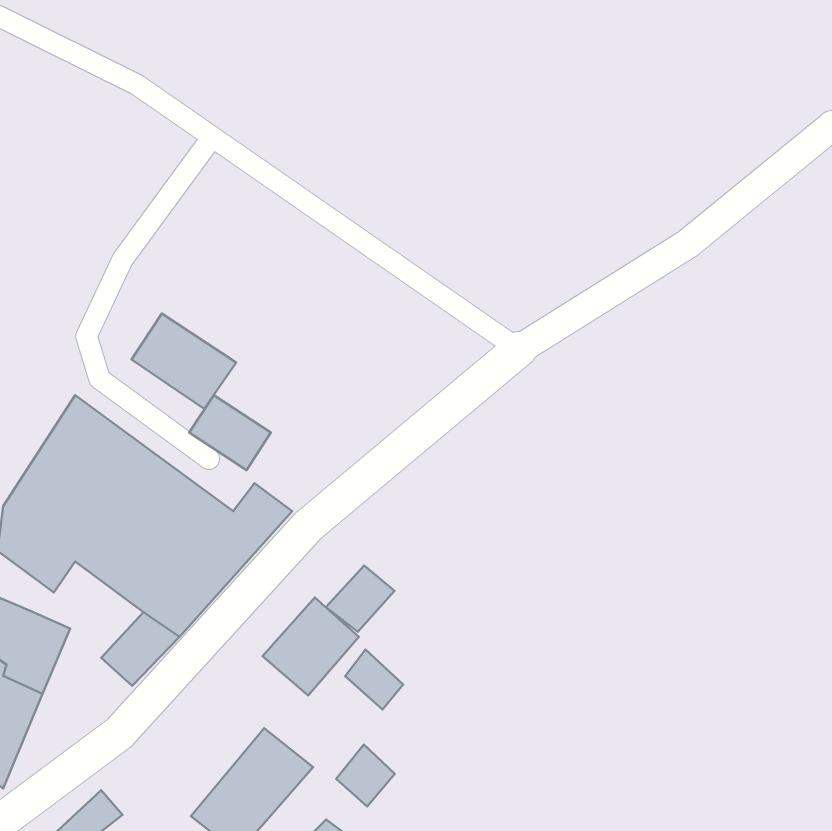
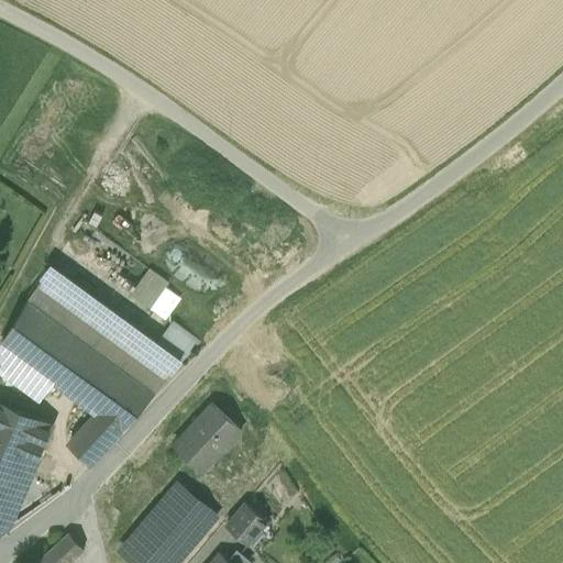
building: [132,314,236,409] -> none
building: [326,566,394,632] -> none
building: [345,650,403,710] -> none

